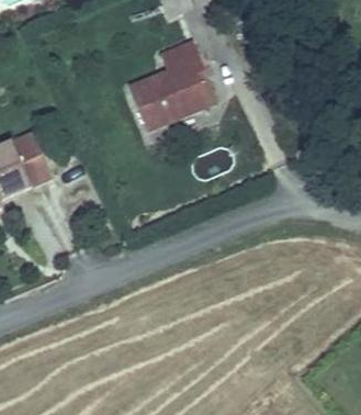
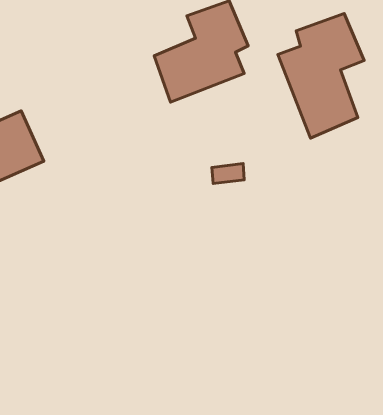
building: none -> [278,13,364,138]

